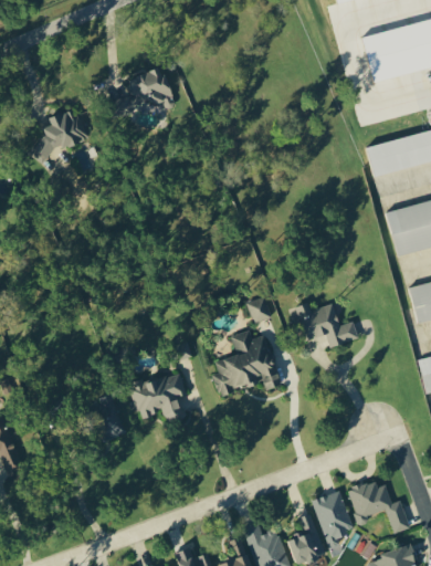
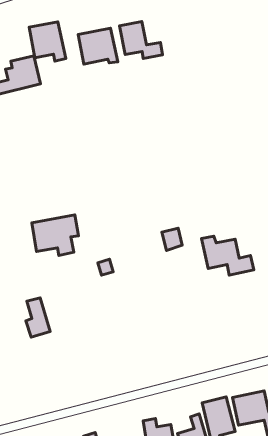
building: none -> [120,22,163,59]
building: none -> [29,22,66,61]
building: [213,333,282,396] -> none
building: [130,373,187,422] -> [32,215,78,256]

